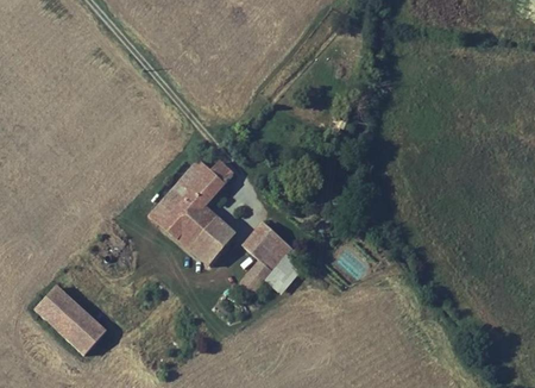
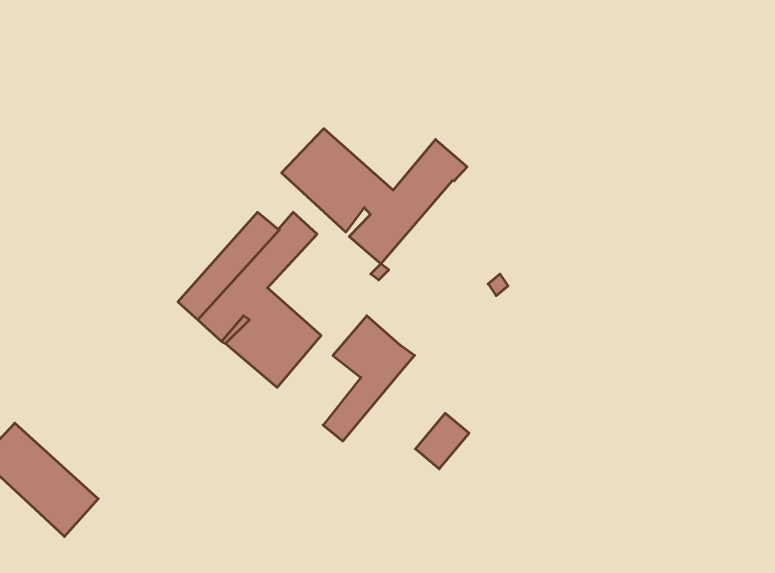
building: none -> [282,129,467,264]
building: [268,254,300,287] -> [415,413,469,469]

